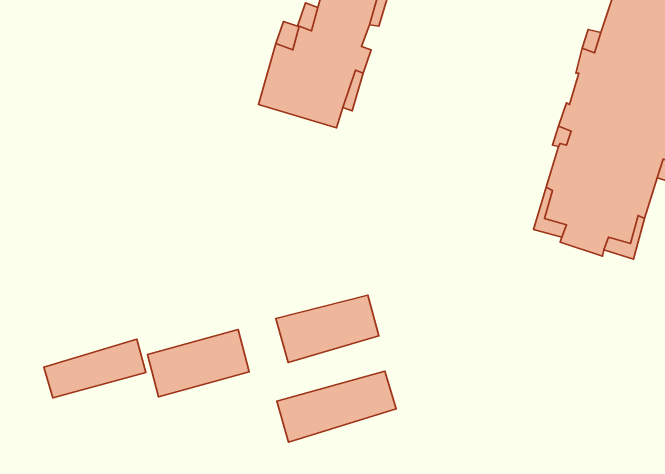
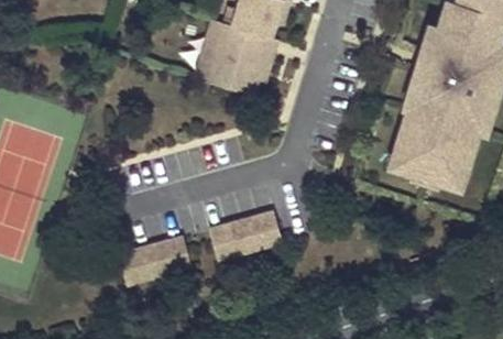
building: [44,339,146,398] -> none
building: [277,371,396,442] -> none

